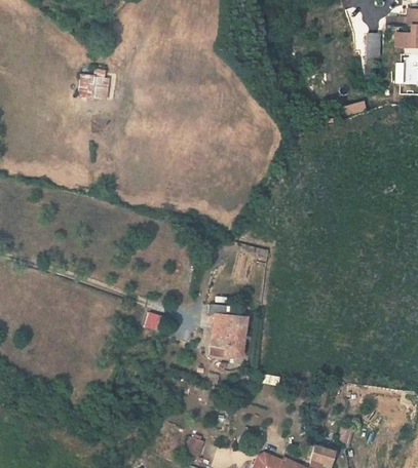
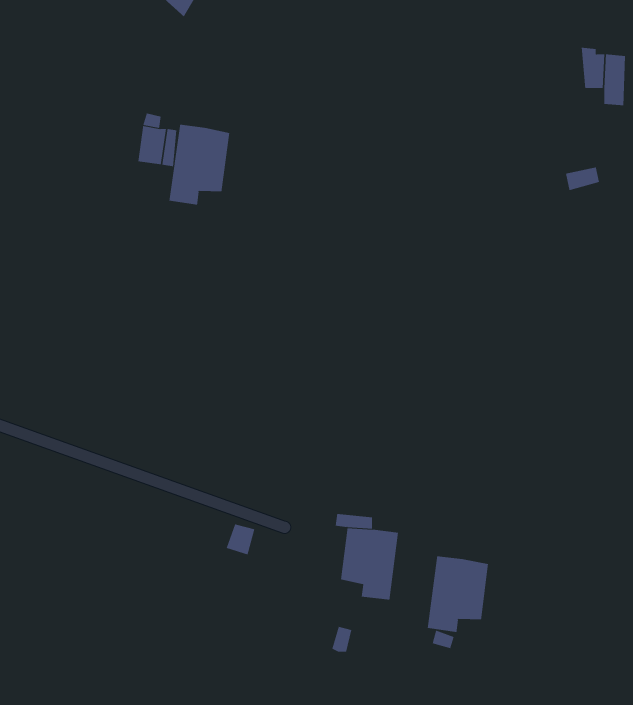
building: none -> [169,124,230,206]
building: none -> [427,555,489,633]

